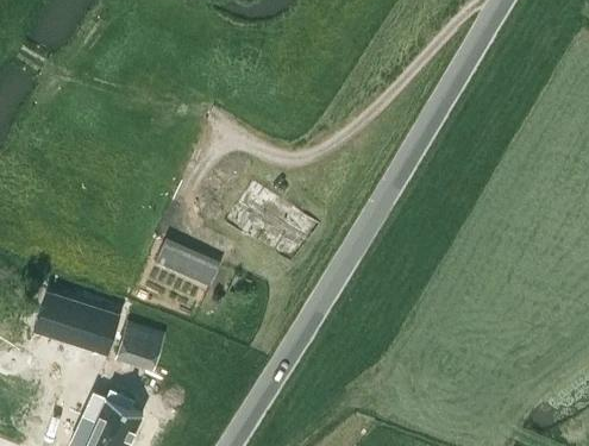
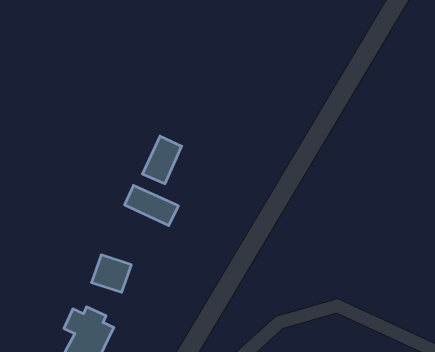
building: none -> [143,136,182,184]
building: [33,290,118,354] -> none

